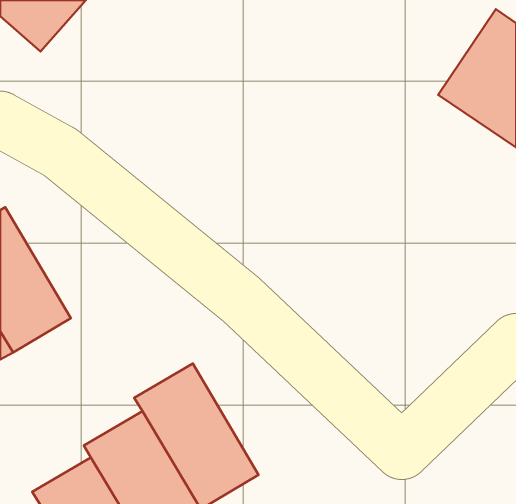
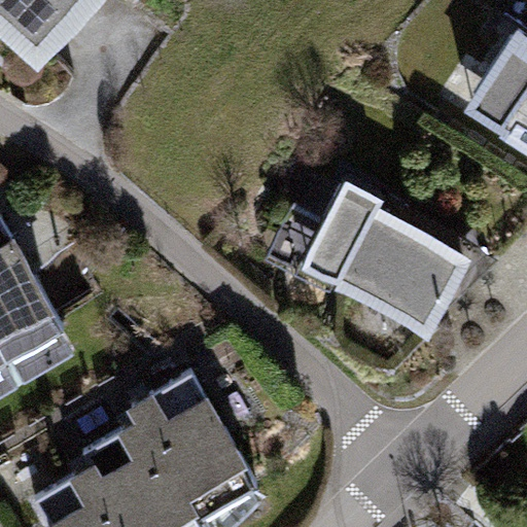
building: none -> [303,180,476,331]

